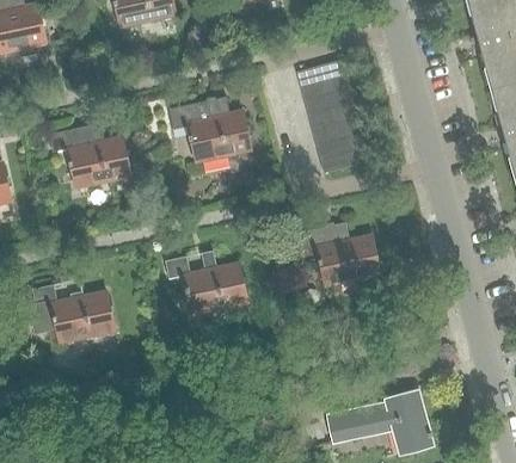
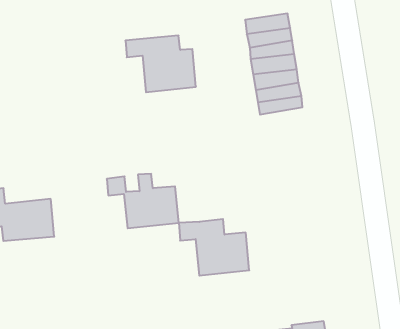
building: [49,125,130,187] -> none
building: [297,222,380,286] -> [179,219,249,276]

